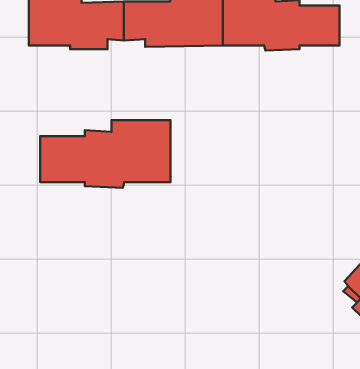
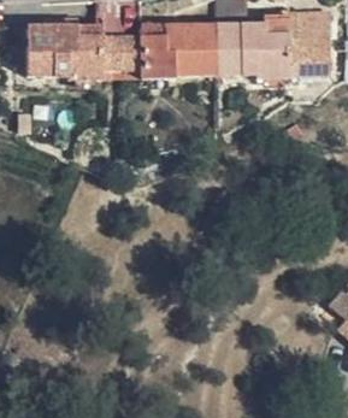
building: [40,120,171,188] -> none

